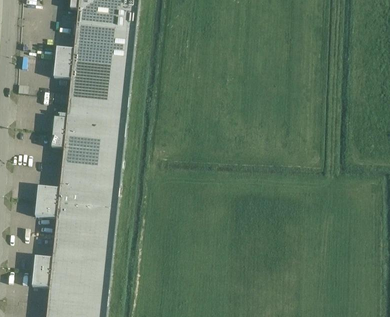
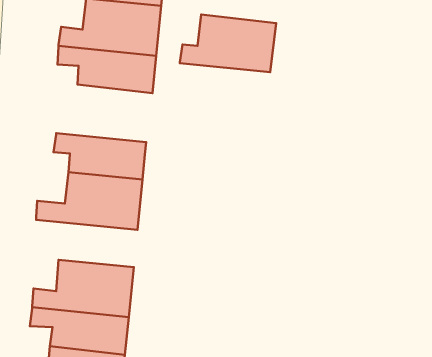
building: [52,92,129,138] -> [180,14,276,72]
building: [34,200,117,238] -> none

